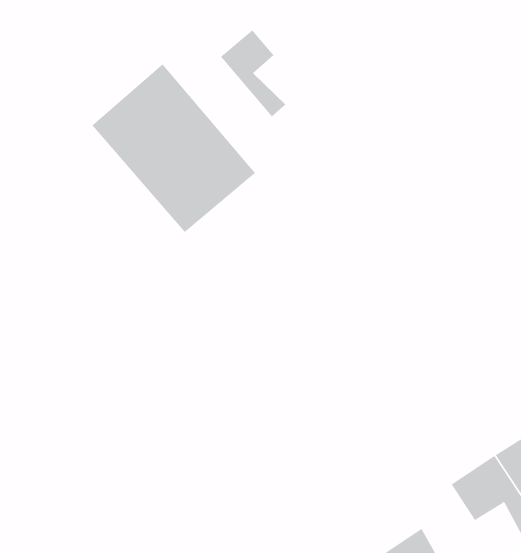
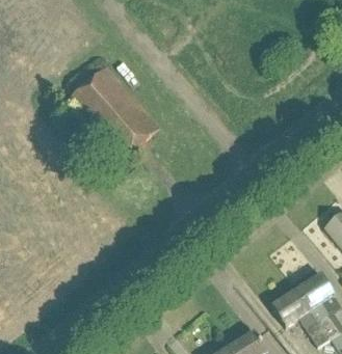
building: [220,30,286,117] -> none

